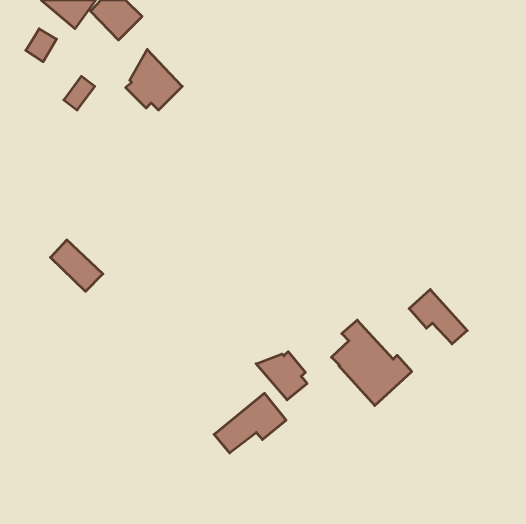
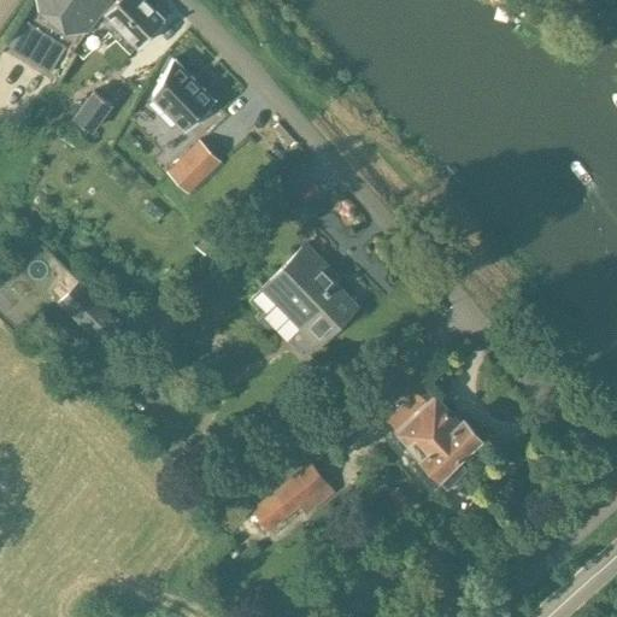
building: none -> [176,142,219,194]
building: none -> [263,246,357,346]
building: [409,289,467,344] -> none
building: [256,352,307,400] -> none

